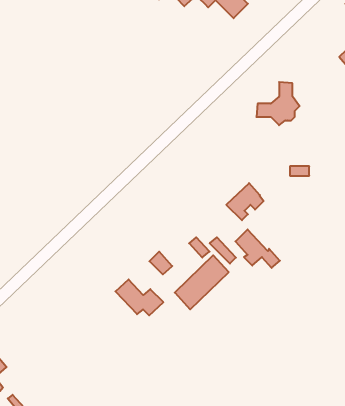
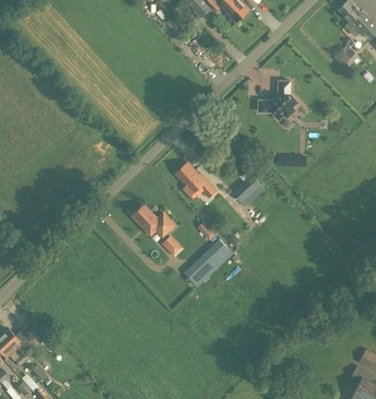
building: [235,229,280,268] -> [176,162,216,197]
building: [115,279,163,315] -> [131,203,175,236]

